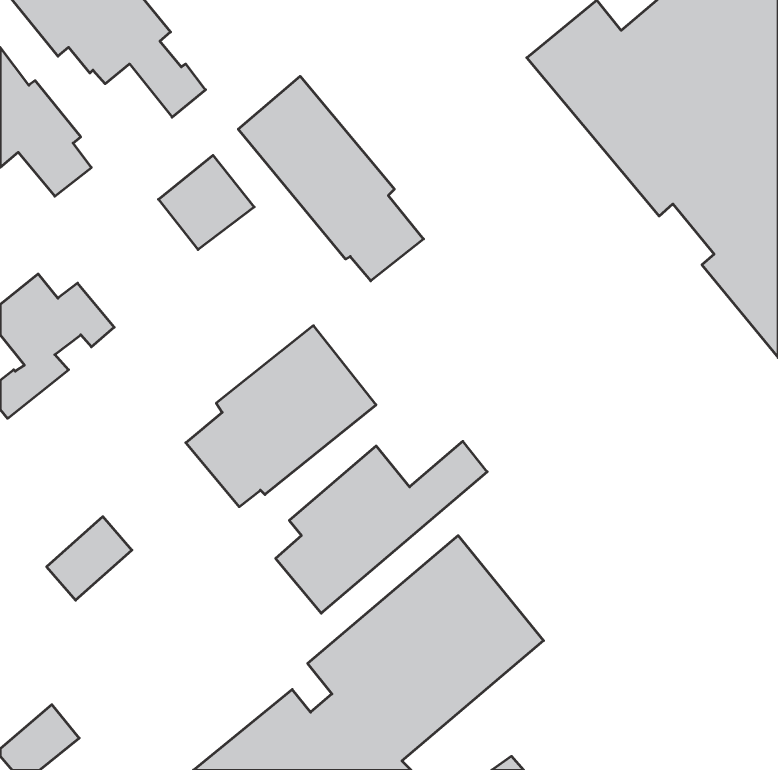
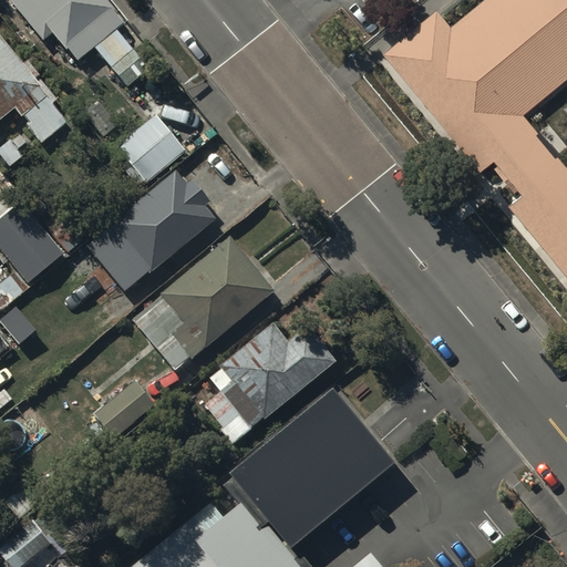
building: [238,76,424,281] -> none
building: none -> [60,169,214,308]
building: [47,517,132,600] -> [94,378,156,439]

